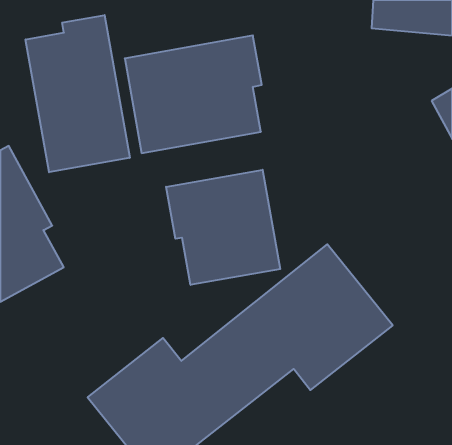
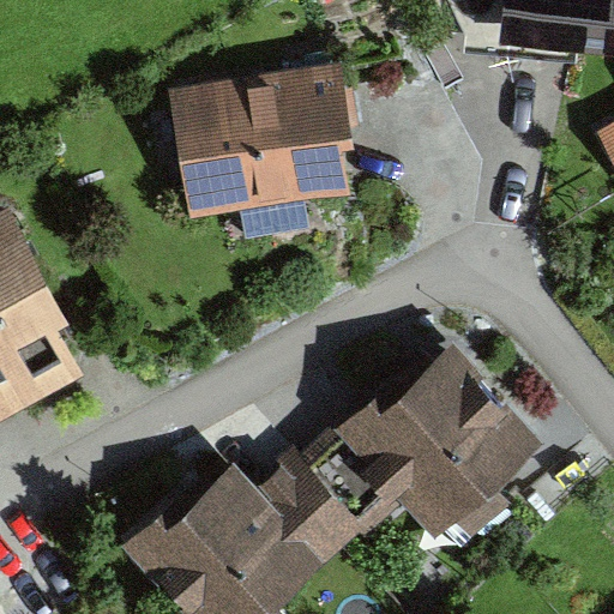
building: [26,15,130,172] -> none
building: [166,170,280,285] -> none

